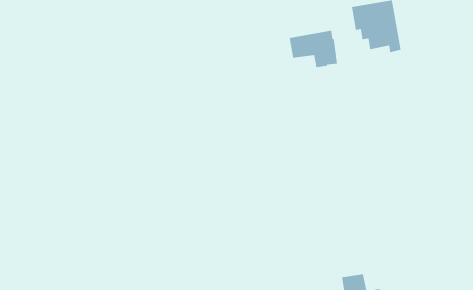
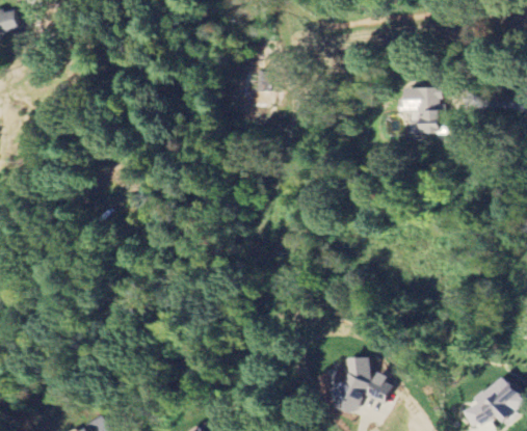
building: [289,30,338,68] -> none

